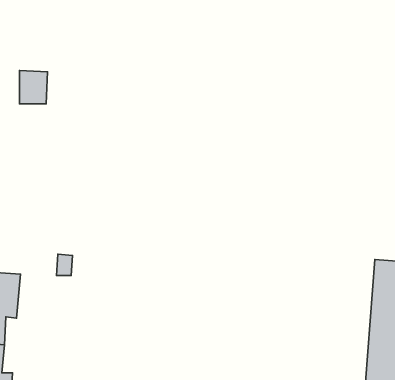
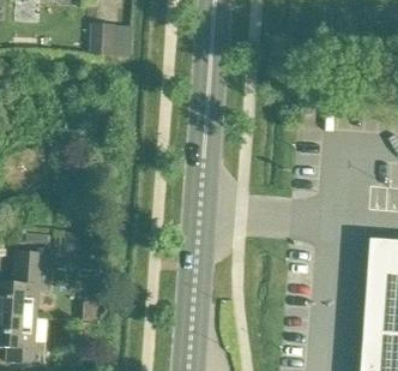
building: [20,71,48,104] -> [89,22,114,52]

